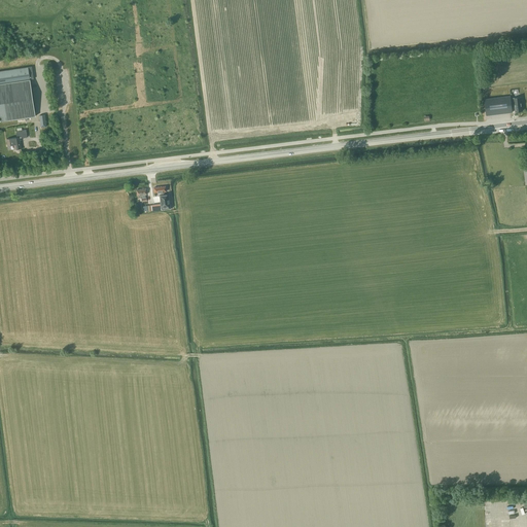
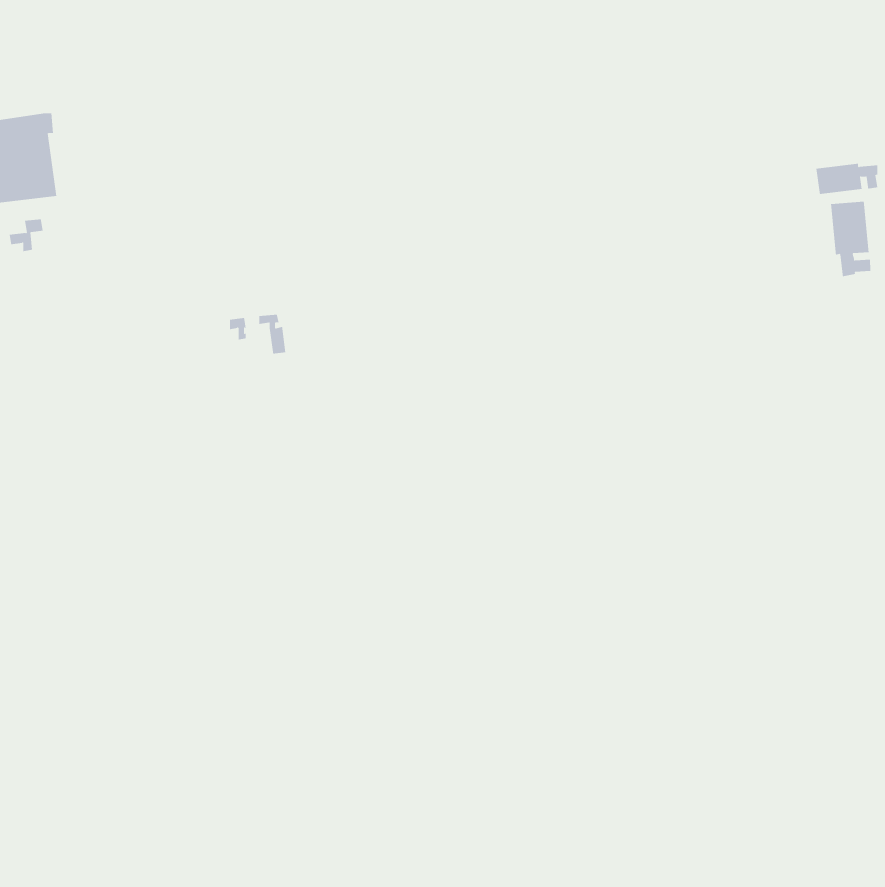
building: none -> [831,201,871,277]

